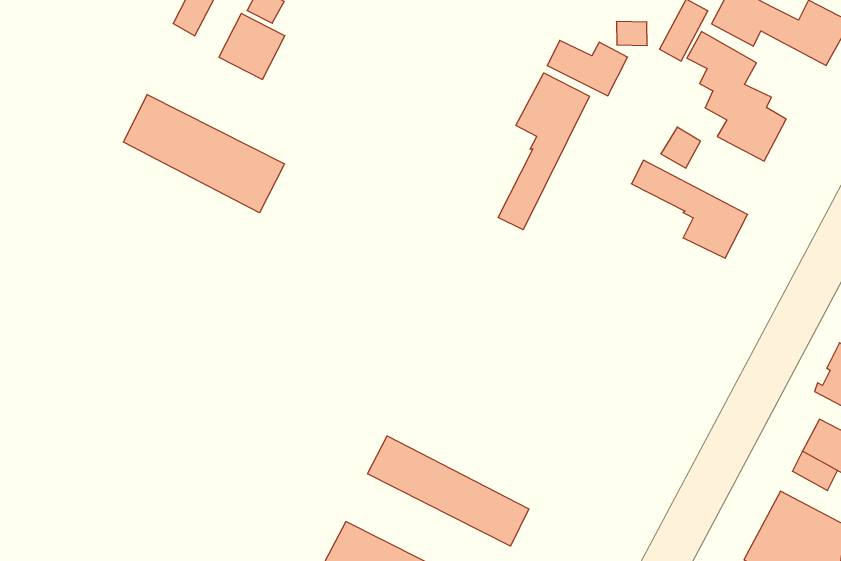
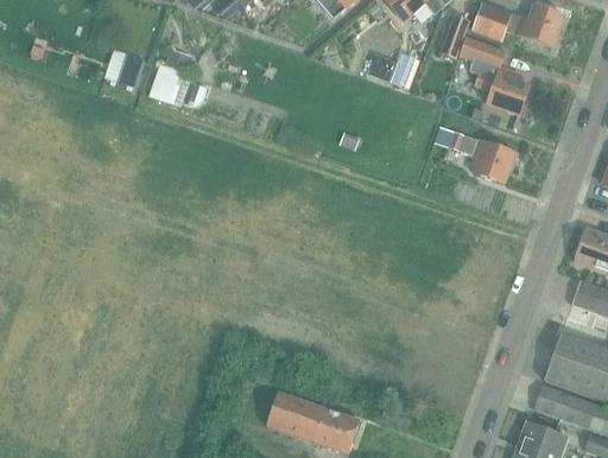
building: [498,73,589,230] -> none
building: [123,94,284,213] -> none
building: [368,436,529,546] -> none

